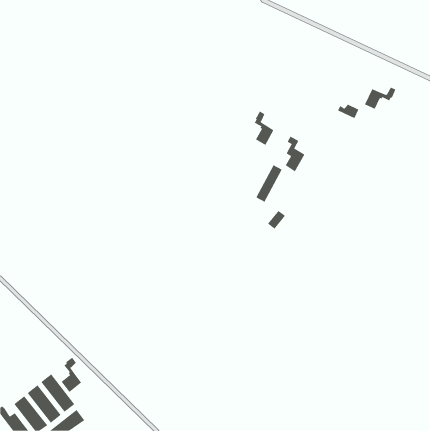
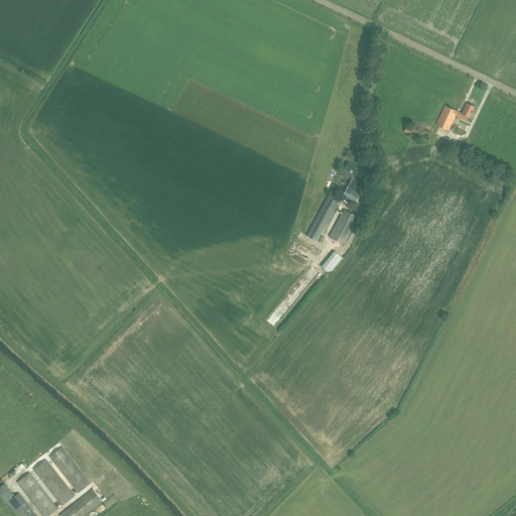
building: [254,110,274,146] -> none
building: none -> [328,209,359,246]
building: [61,357,82,393] -> none

